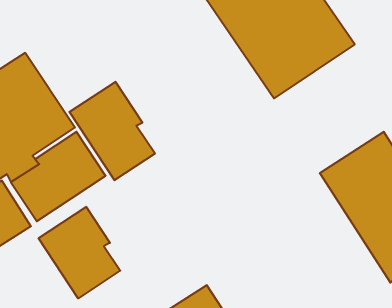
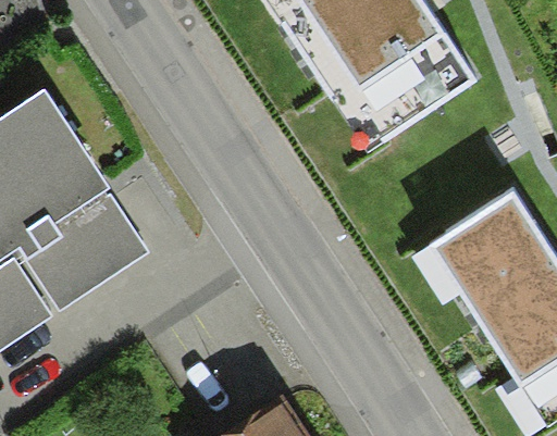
building: [69,82,155,180] -> none
building: [39,207,120,298] -> none

